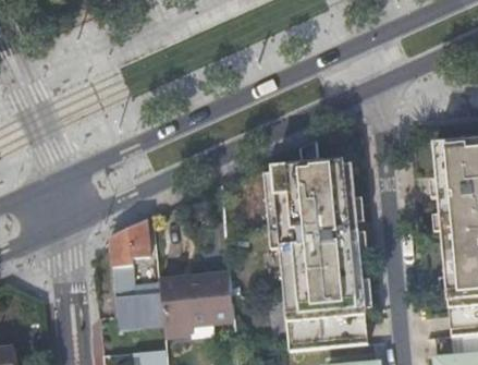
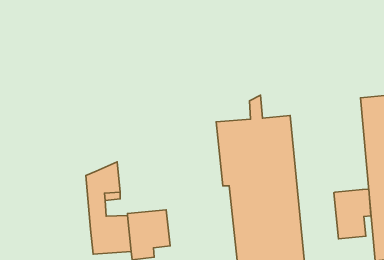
building: none -> [334,189,371,239]
building: [205,273,233,318] -> none

